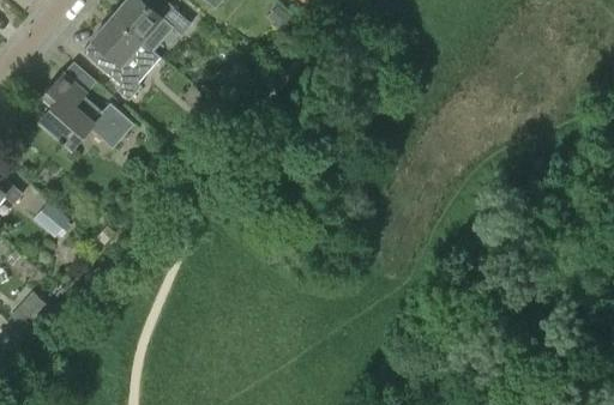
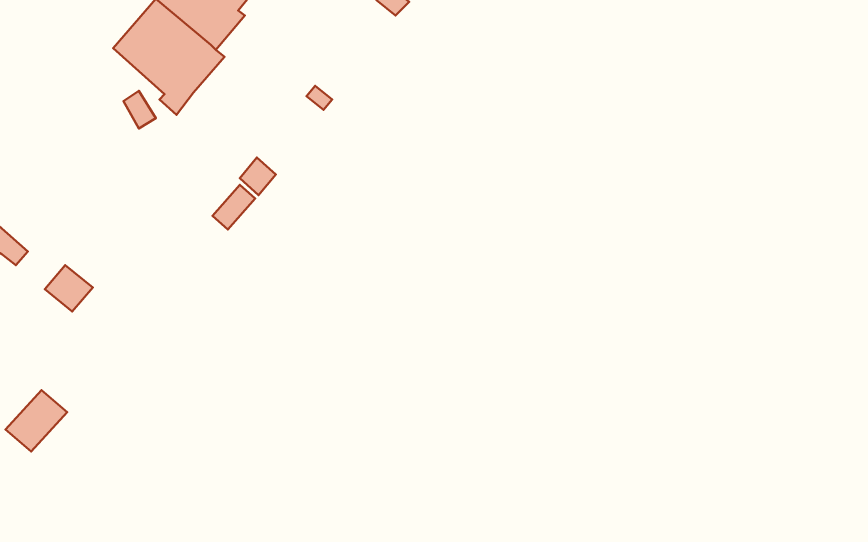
building: [37,73,126,150] -> none

